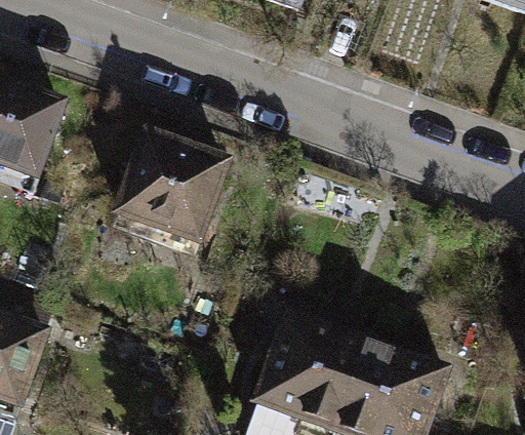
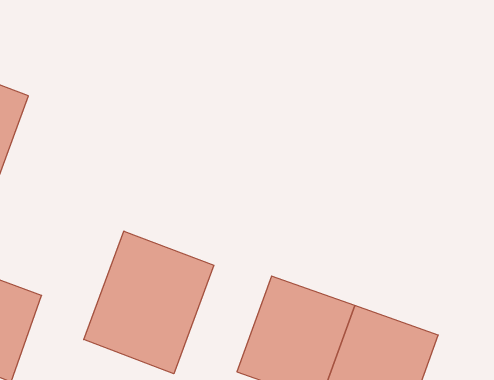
building: [109,121,233,245] -> none
building: none -> [84,231,214,374]

